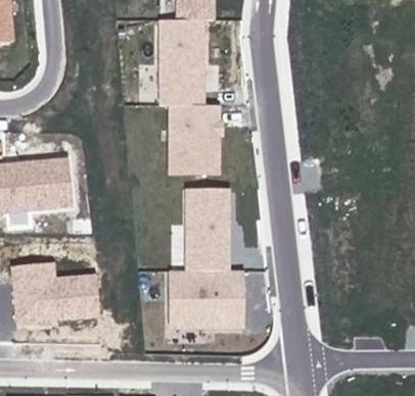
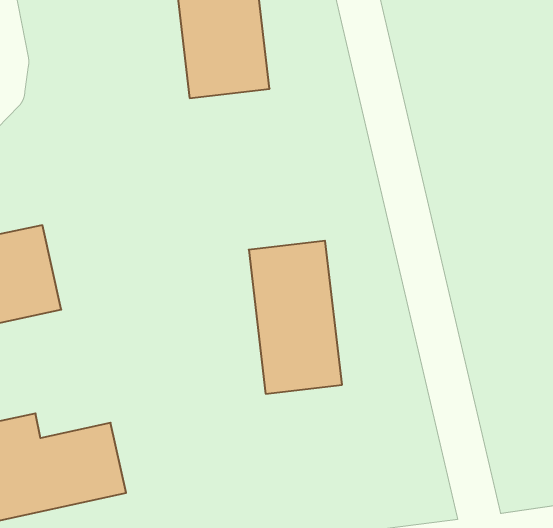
building: [169,105,220,171] -> none
building: [170,273,243,323] -> none

